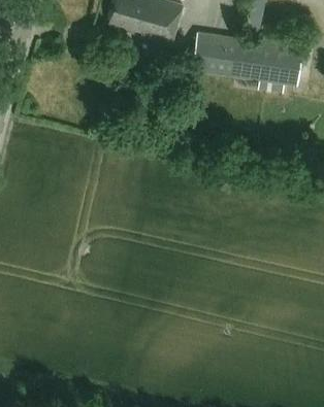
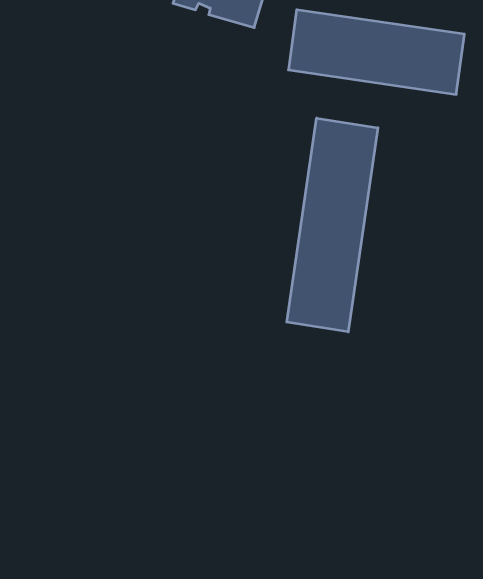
building: none -> [287,118,378,332]

